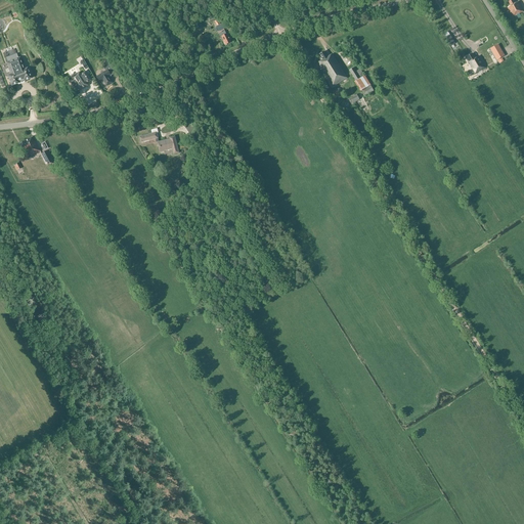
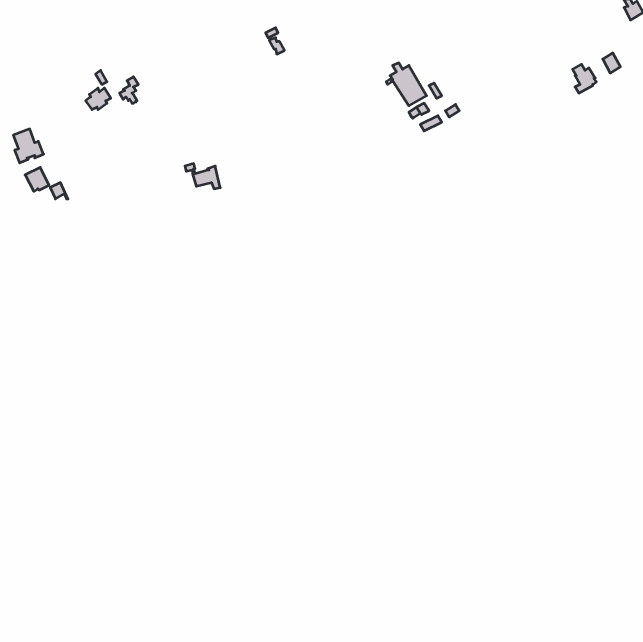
building: [6,57,31,85] -> [13,129,44,163]

